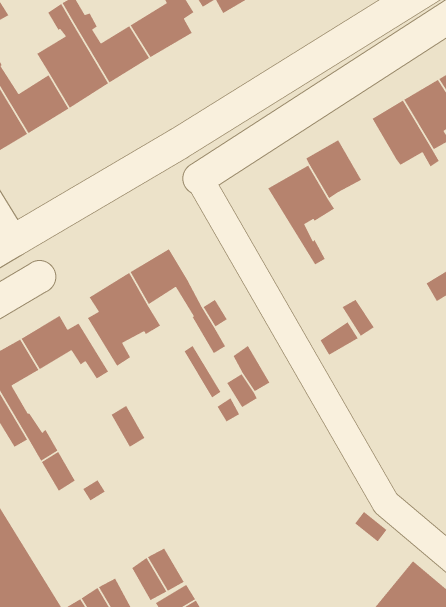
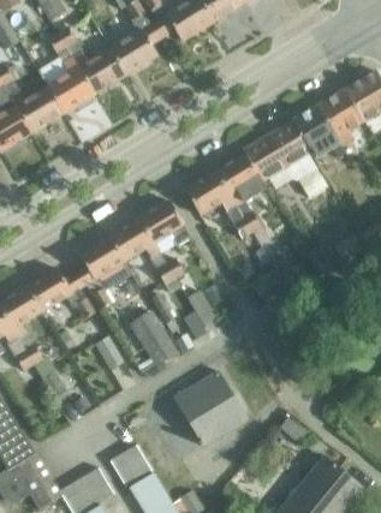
building: none -> [269,119,328,196]
building: none -> [186,172,251,237]
building: none -> [141,199,191,244]
building: none -> [130,309,178,364]
building: none -> [175,370,248,445]

